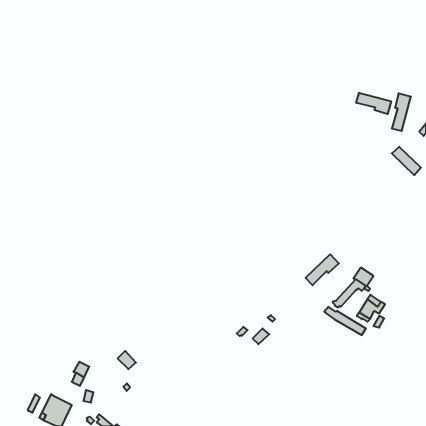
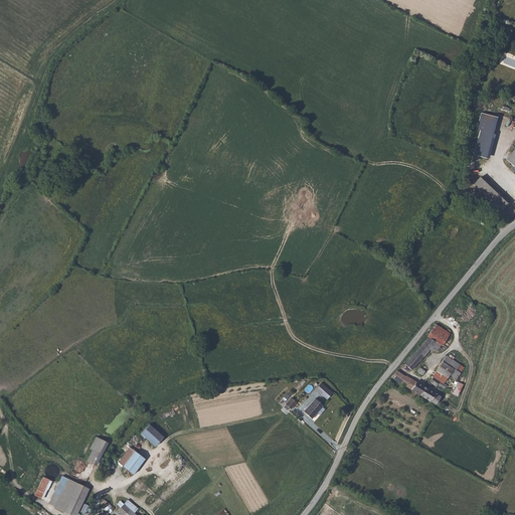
building: [356,93,391,114] -> none
building: [306,254,339,285] -> none
building: none -> [119,446,145,473]

